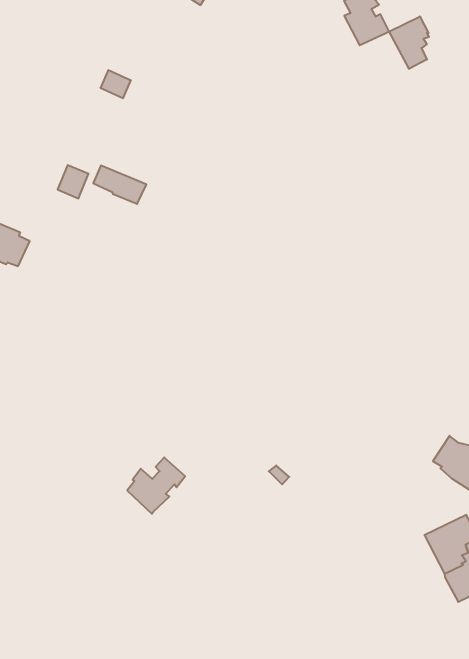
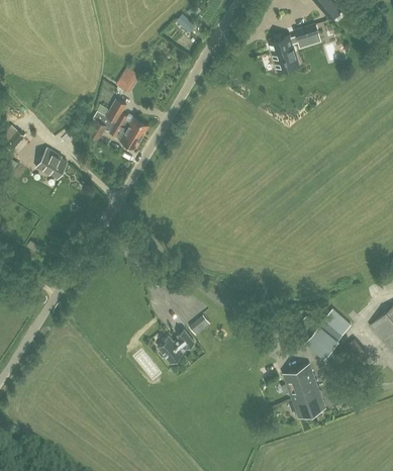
building: [389,16,429,69] -> none
building: none -> [105,98,148,137]
building: [127,457,185,514] -> [158,329,194,363]

